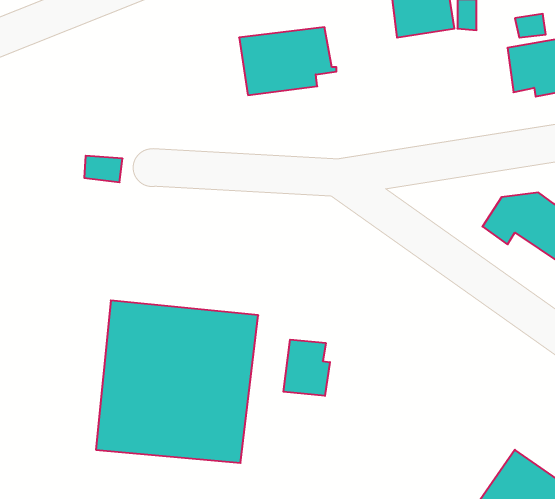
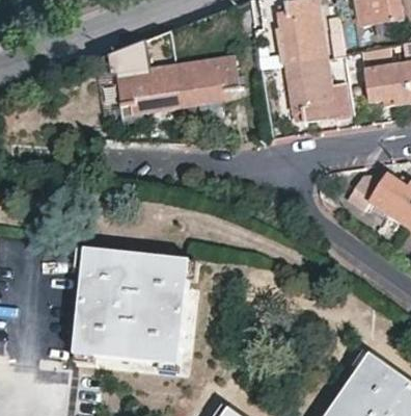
building: none -> [116,53,182,111]
building: none -> [286,57,349,125]
building: [283,340,330,396] -> none

